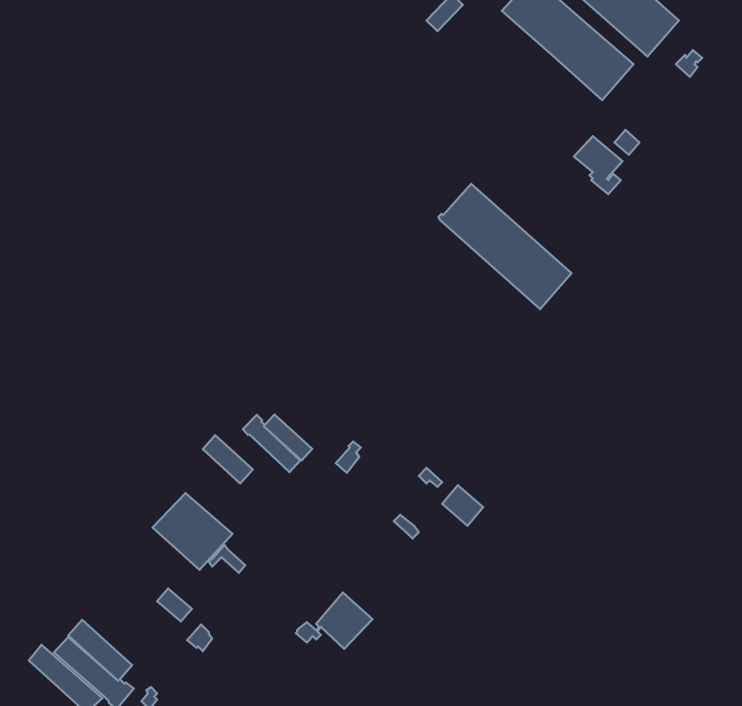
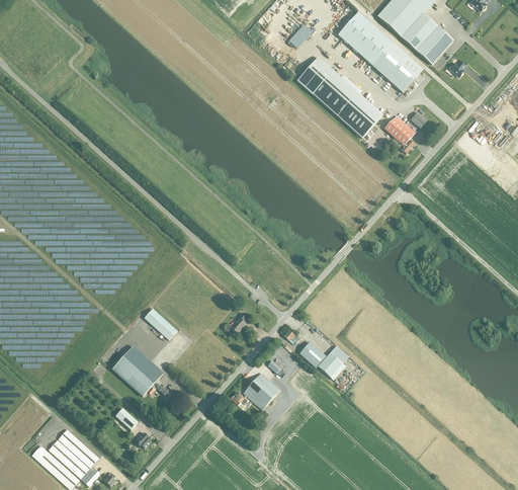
building: [438,184,572,309] -> [295,56,381,137]
building: [243,414,312,472] -> none
building: none -> [317,351,344,379]
building: [296,593,372,649] -> [230,372,279,408]

